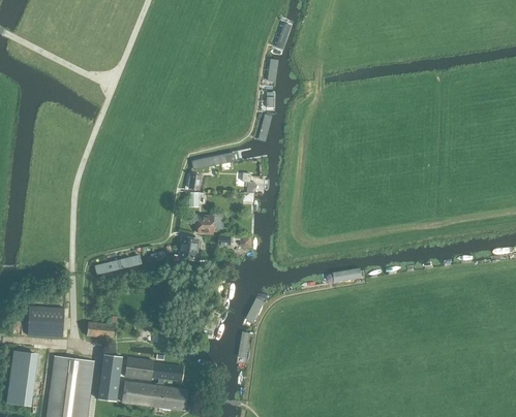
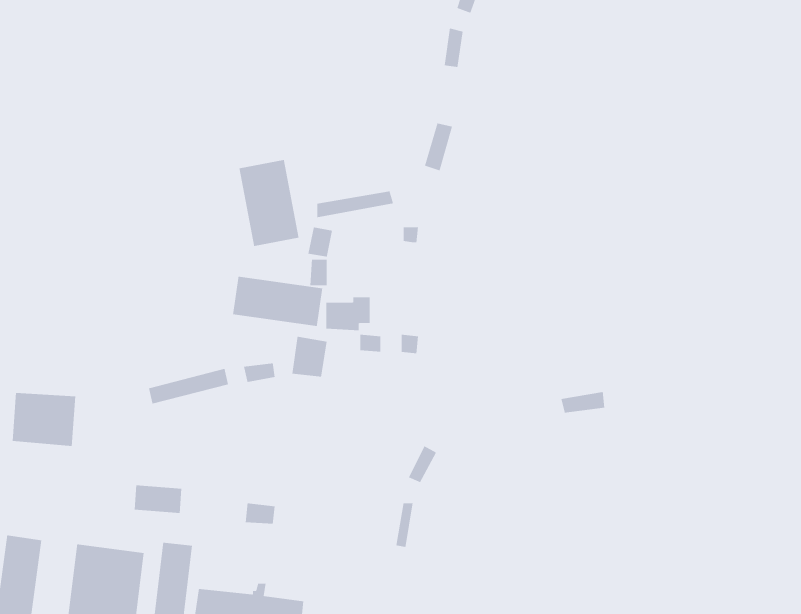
building: none -> [239,159,299,247]
building: none -> [233,276,323,327]
building: [27,307,64,338] -> [12,393,76,446]
building: [125,357,182,381] -> none

